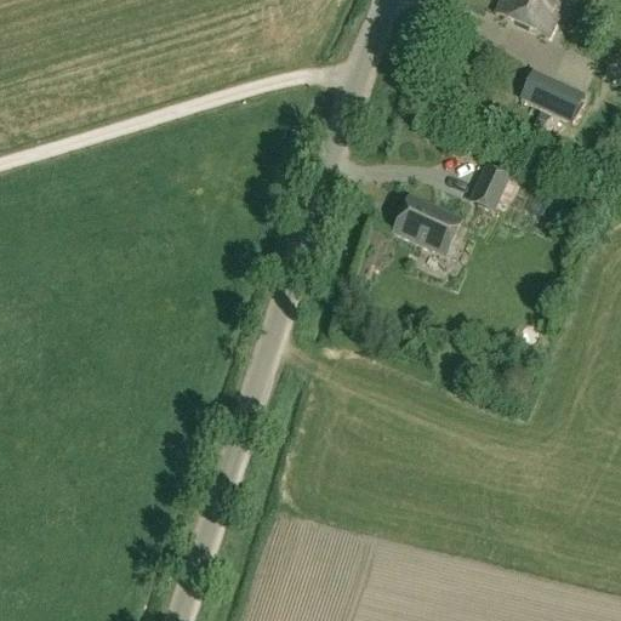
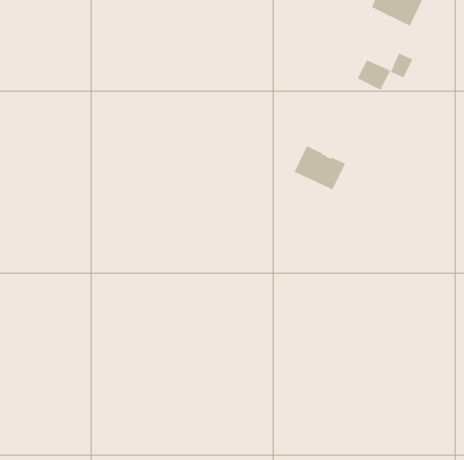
building: [540,79,585,120] -> [357,59,391,90]
building: [475,165,508,209] -> none

